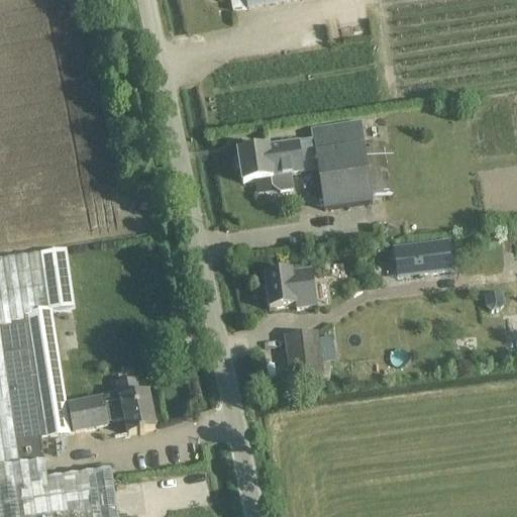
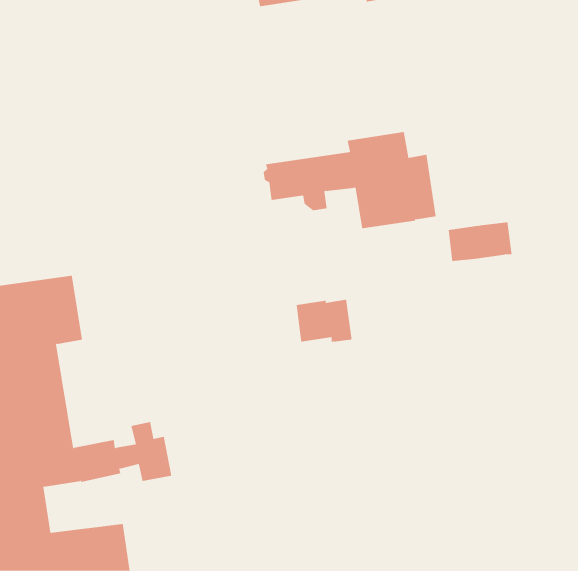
building: [393,237,450,273] -> [448,222,513,262]
building: [284,328,322,384] -> none

